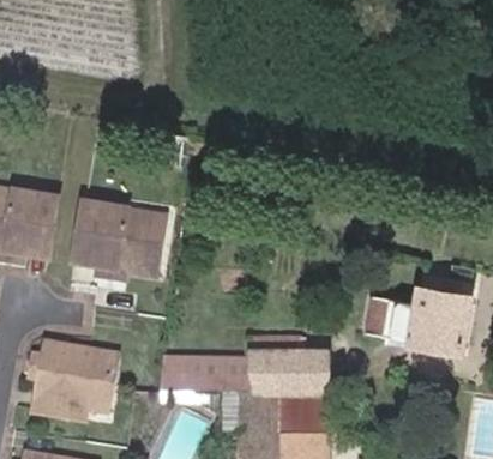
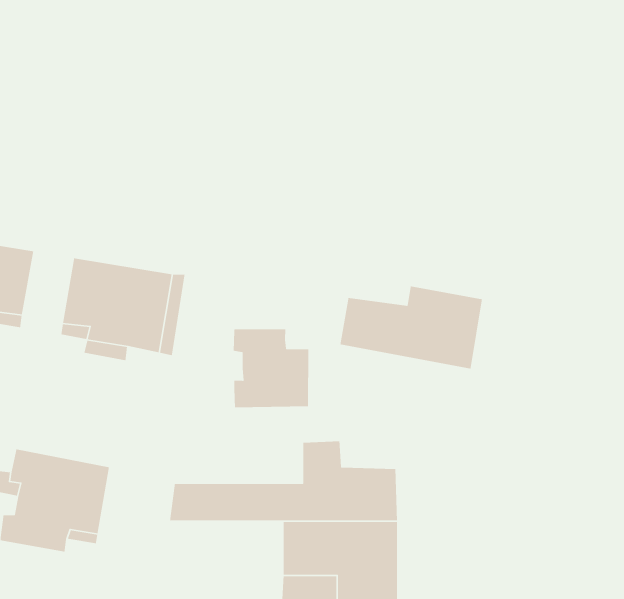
building: none -> [233,329,309,408]
building: [365,284,469,345] -> [339,286,483,370]

